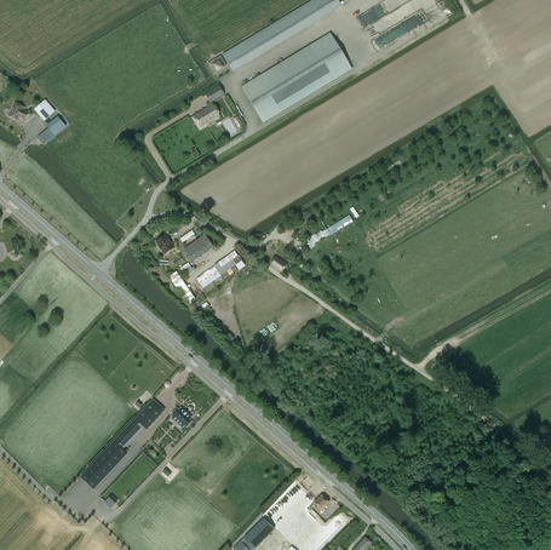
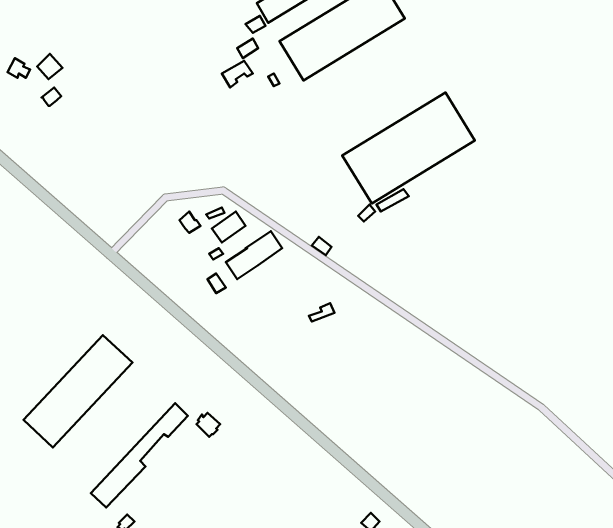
building: none -> [342,92,475,203]
building: none -> [23,335,132,447]

